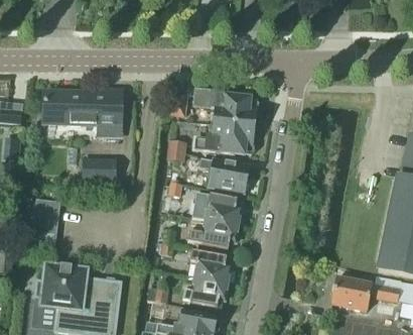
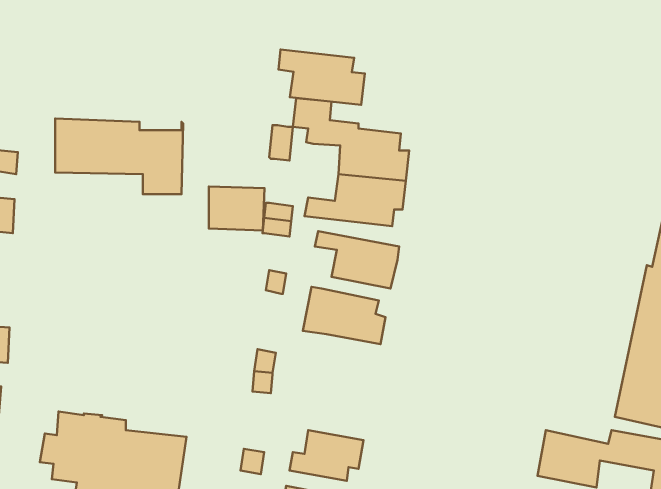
building: none -> [278,49,365,105]
building: [83,157,116,184] -> [209,187,264,230]
building: [32,199,60,233] -> none
building: [187,217,238,249] -> none
building: [190,251,231,283] -> none

